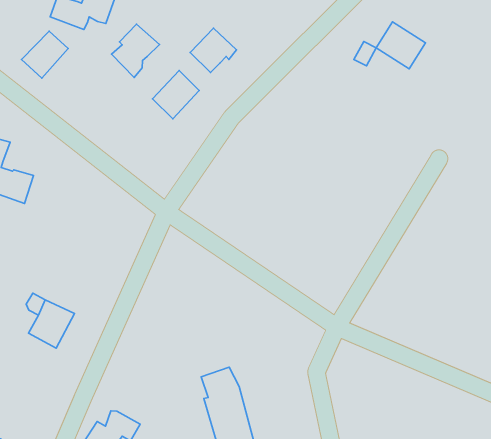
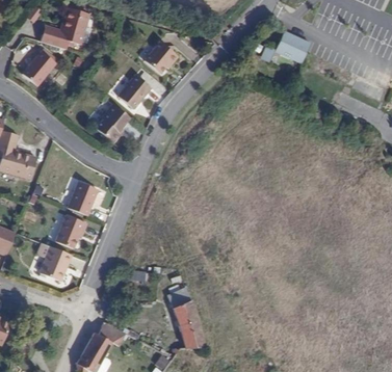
building: [111,24,160,77] -> [96,105,130,143]
building: none -> [68,182,98,216]
building: none -> [54,217,87,250]

